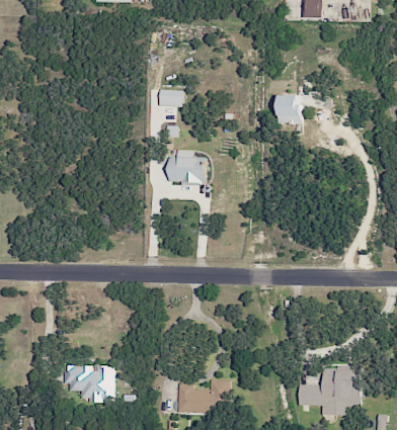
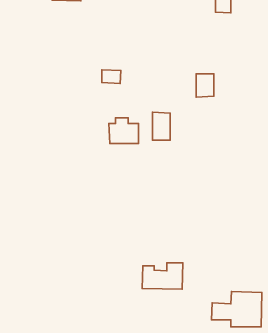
building: none -> [152,112,170,140]
building: [63,365,113,401] -> none
building: [177,379,229,413] -> [142,263,183,289]

